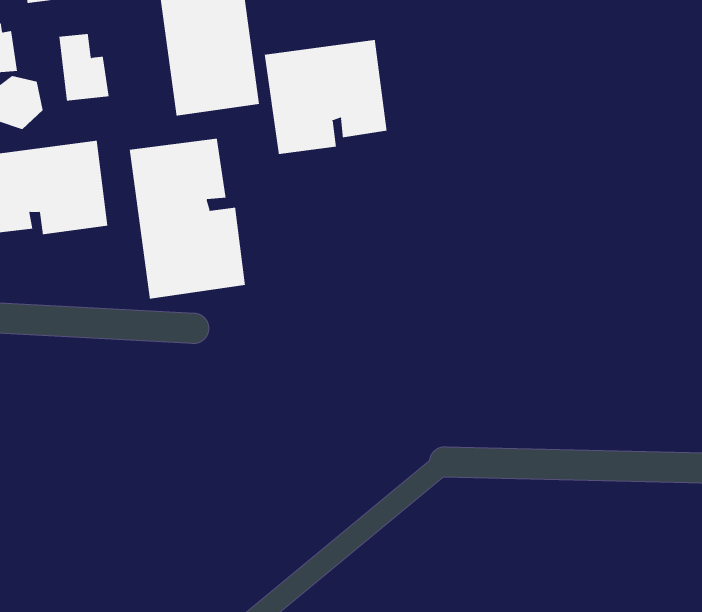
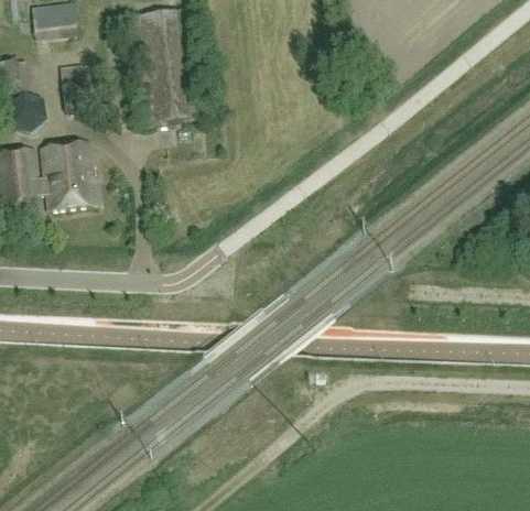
building: [264,39,387,155] -> none
building: [129,138,246,299] -> none

